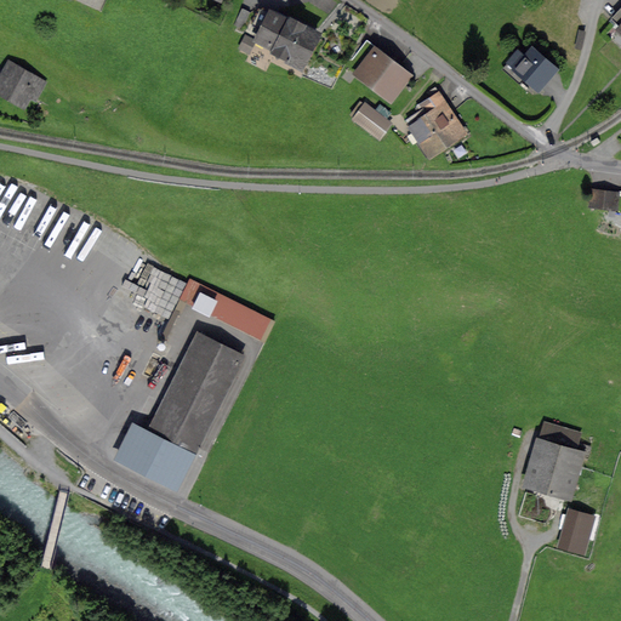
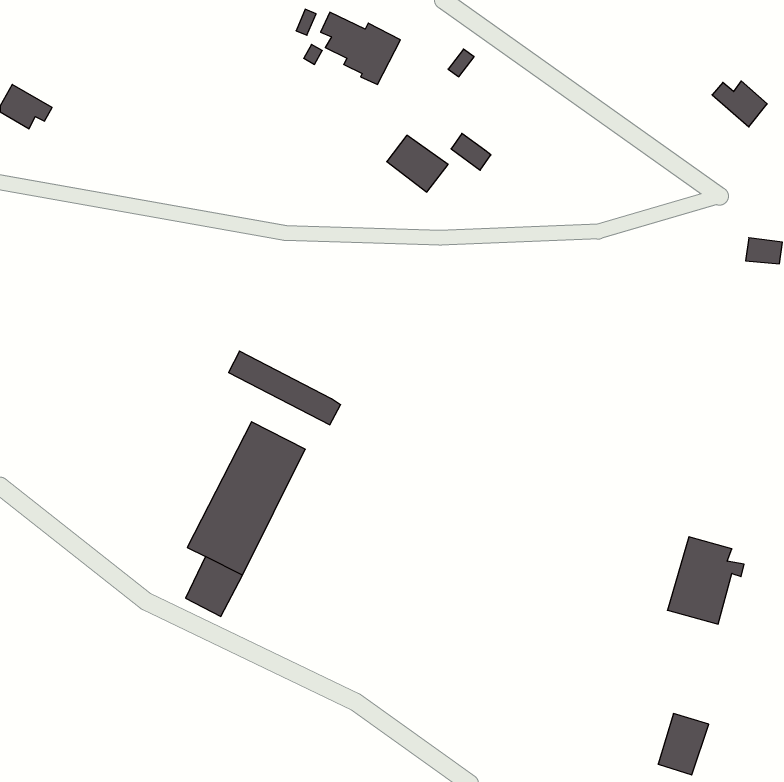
building: [509,51,553,87] -> [712,81,767,127]
building: [358,53,406,98] -> [387,135,448,192]
building: [408,89,463,154] -> none
building: [118,427,163,474] -> none
building: [560,505,600,553] -> [658,714,709,775]

